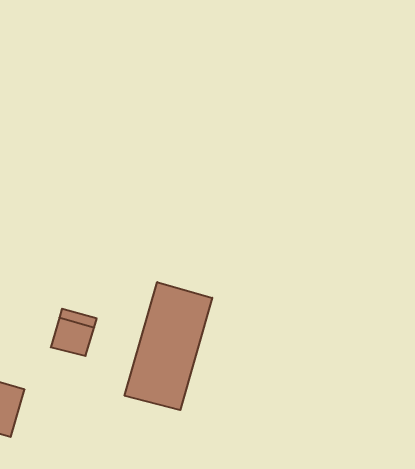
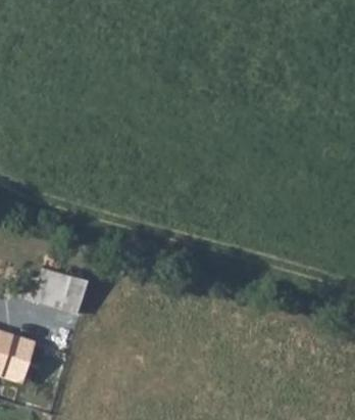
building: [125,282,212,410] -> none

